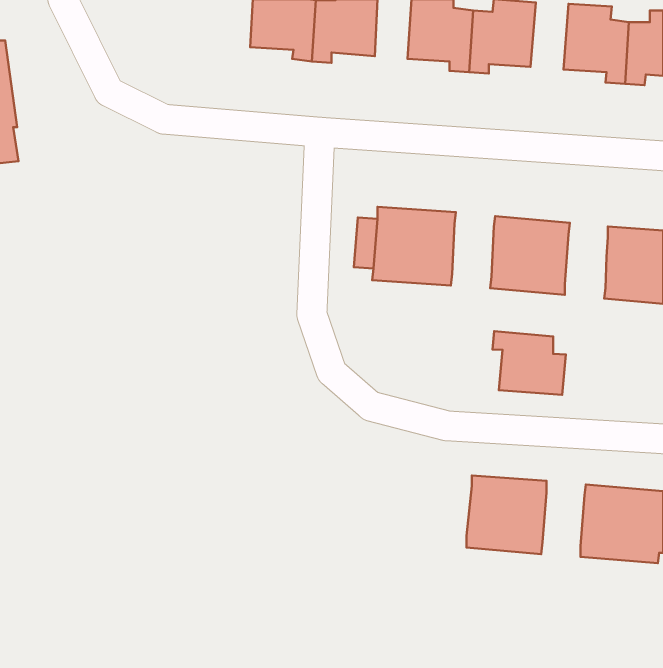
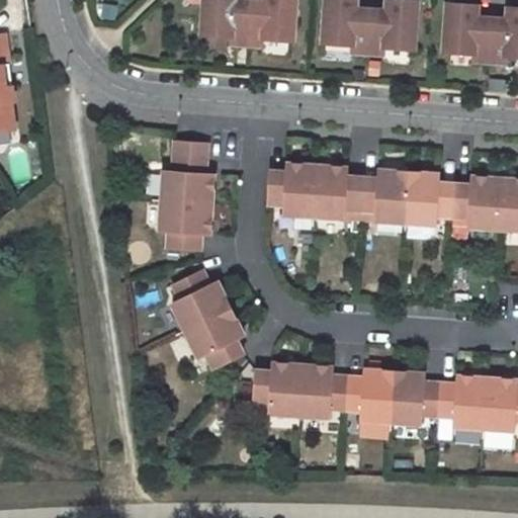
building: none -> [165,142,224,253]
building: none -> [349,173,381,213]
building: none -> [436,181,469,223]
building: [492,331,566,395] -> none
building: none -> [174,269,249,370]
building: none -> [255,359,364,421]
building: none -> [419,380,451,422]

